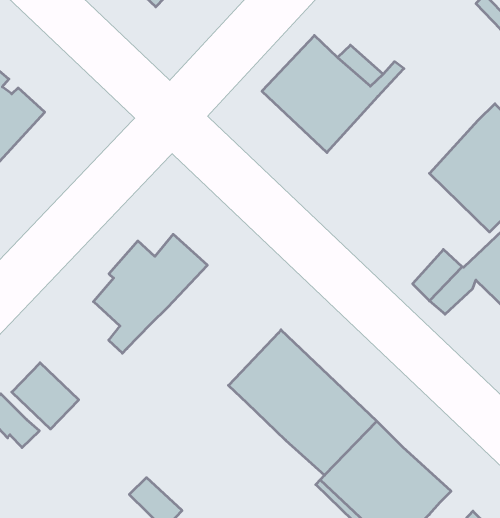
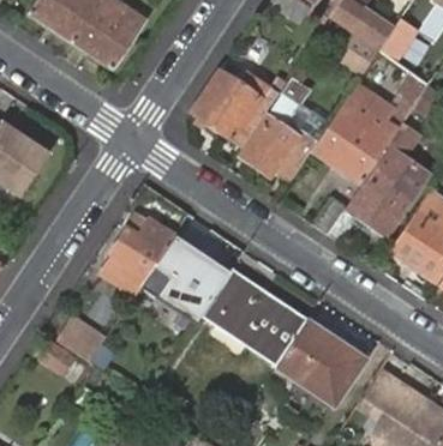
building: none -> [240,78,310,180]
building: none -> [154,235,231,325]

